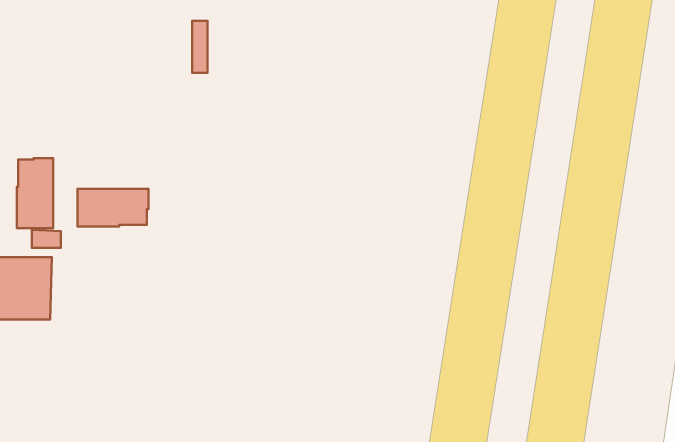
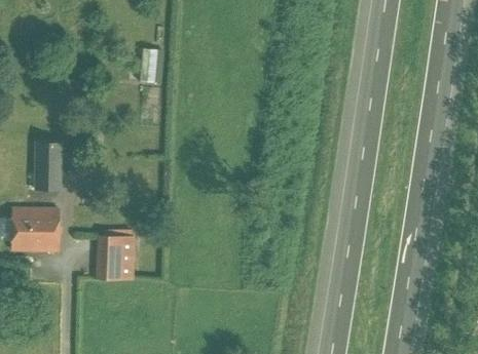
building: [77,189,148,226] -> none
building: none -> [99,236,131,277]

